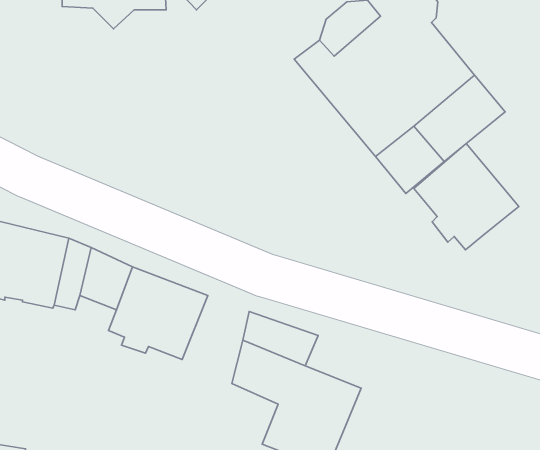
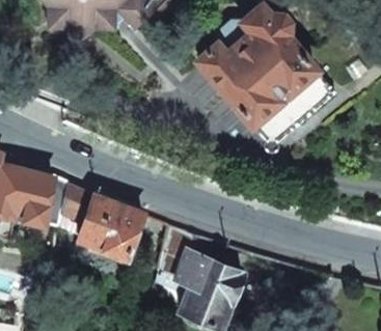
building: [414,144,519,250] -> none

